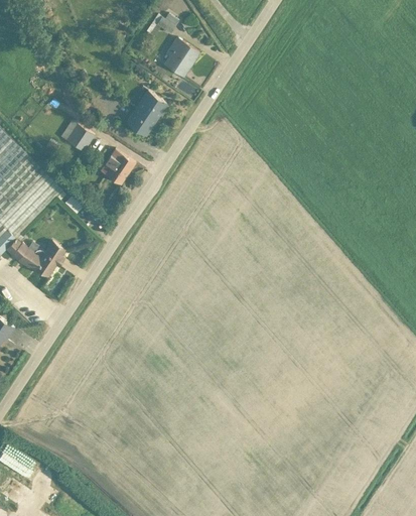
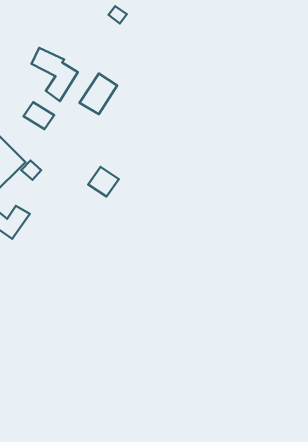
building: [163,38,199,79] -> none
building: none -> [31,48,78,101]
building: [99,150,134,184] -> [88,167,119,197]

